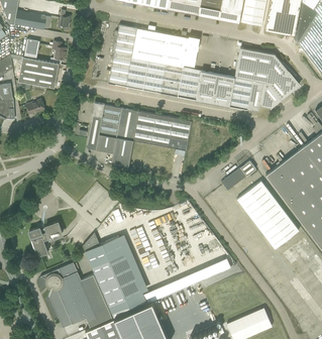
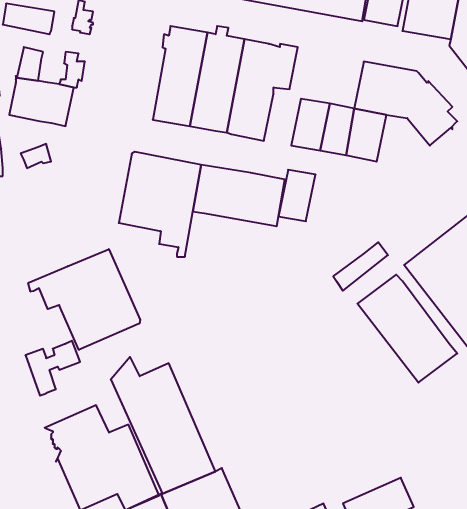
building: [178,68,201,100] -> [278,170,316,221]
building: [248,81,282,111] -> none
building: none -> [28,249,140,350]

